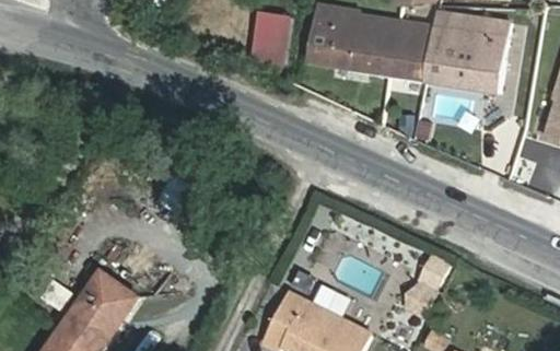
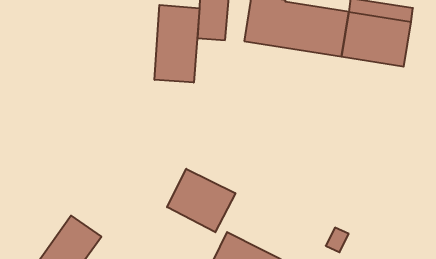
building: none -> [155,5,199,83]
building: none -> [167,169,235,232]

